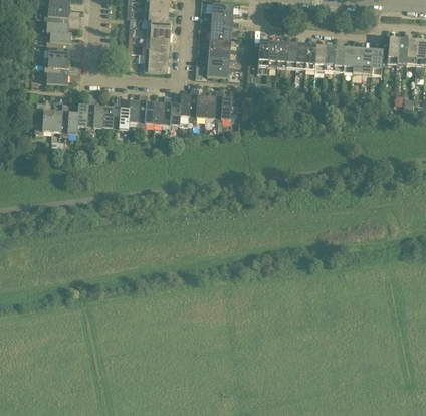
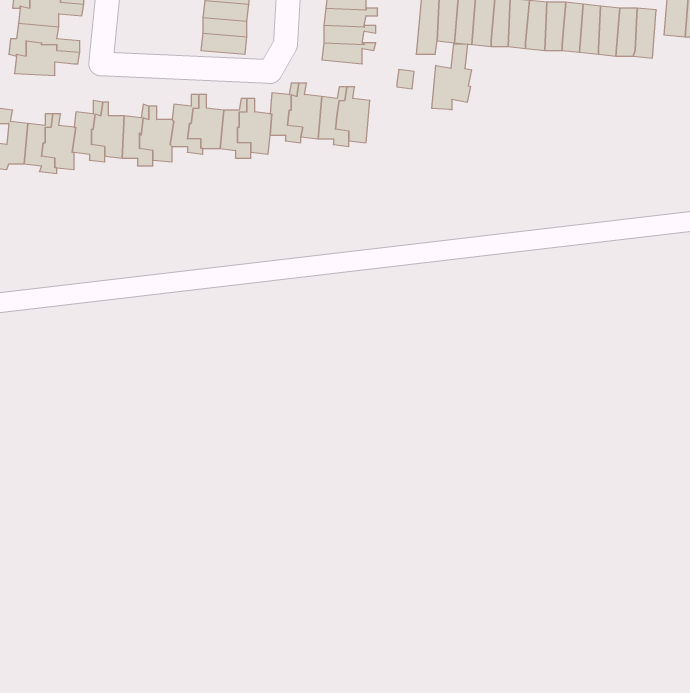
building: none -> [432,44,471,110]

